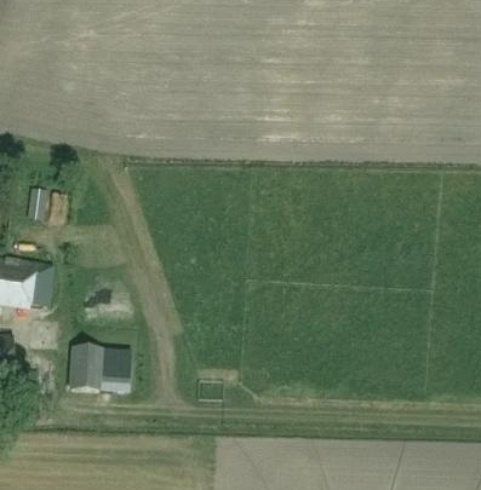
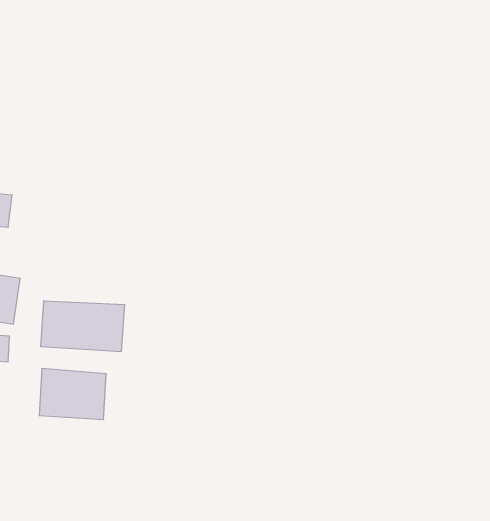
building: none -> [41,301,124,352]

